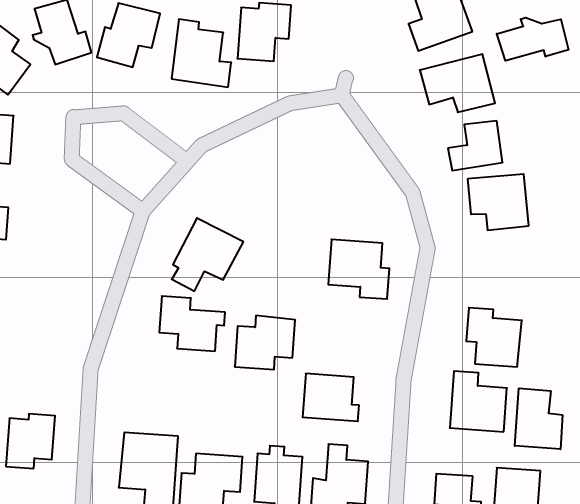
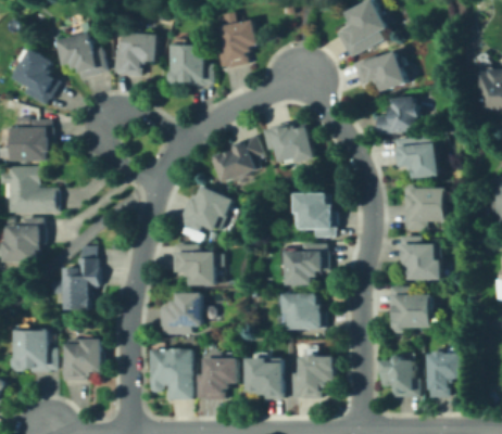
building: [497,18,569,61] -> none
building: none -> [261,122,315,166]
building: none -> [209,136,261,184]
building: none -> [407,190,447,222]
building: none -> [63,247,97,308]
building: [235,316,295,370] -> [287,242,329,281]
building: none -> [159,294,199,334]
building: [515,388,562,449] -> none

